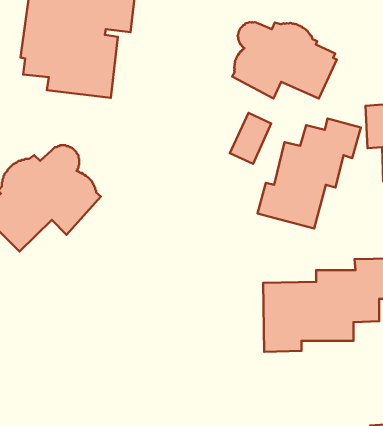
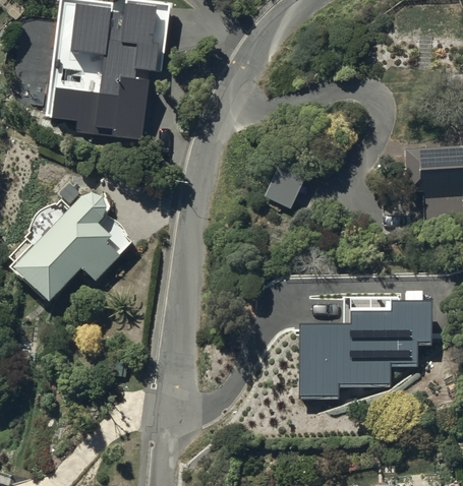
building: [232,22,337,98] -> none
building: [258,118,361,228] -> none

